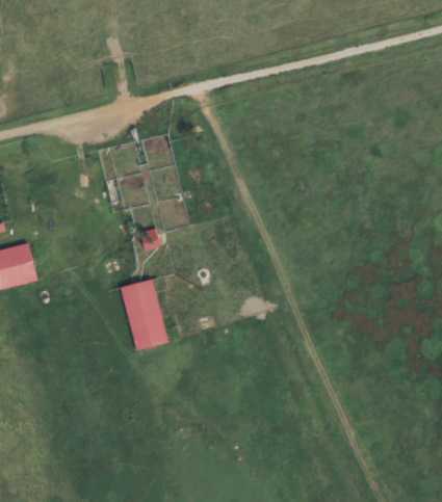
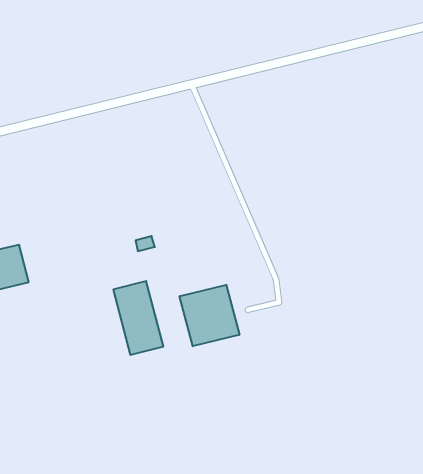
building: none -> [180,285,239,346]

